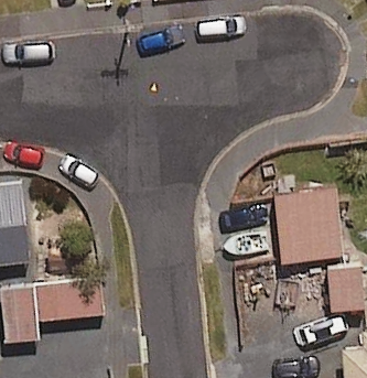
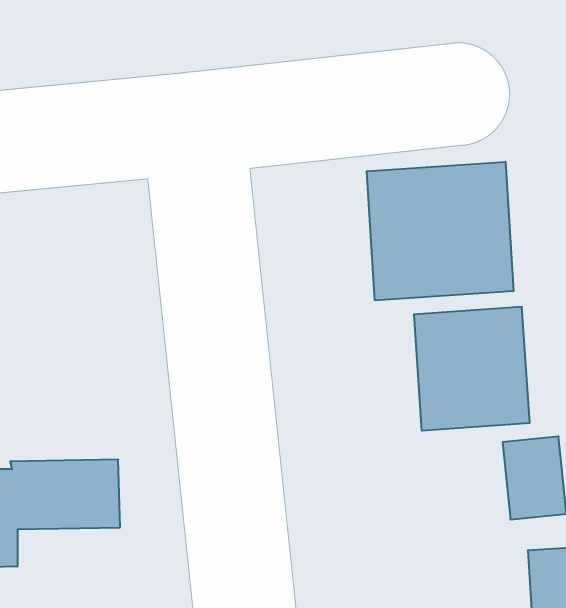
building: none -> [367,162,513,300]

